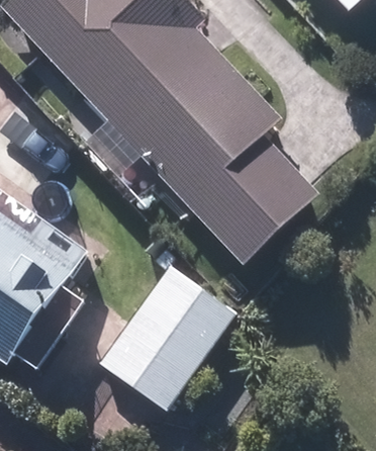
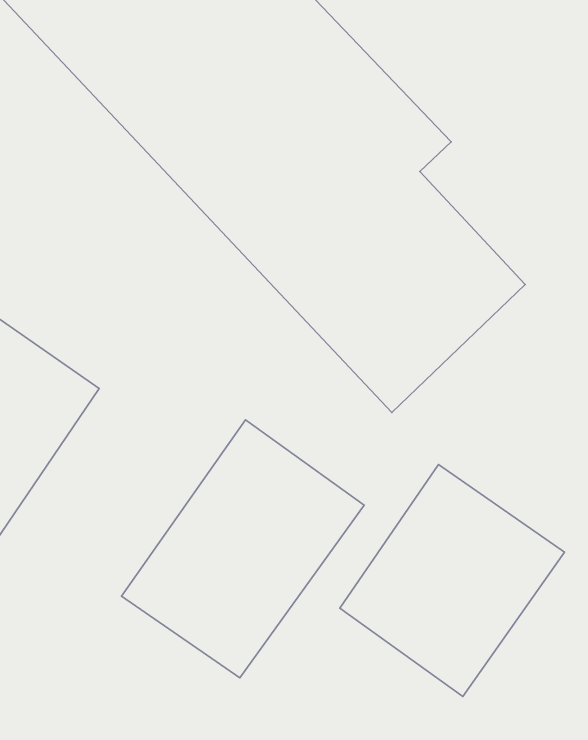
building: none -> [340,464,565,697]

